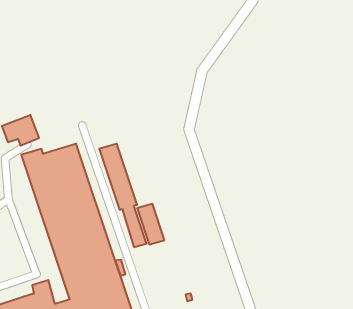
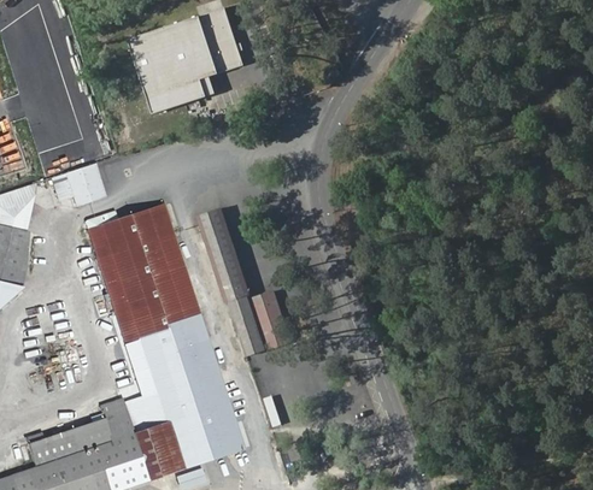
building: none -> [129,7,247,116]

